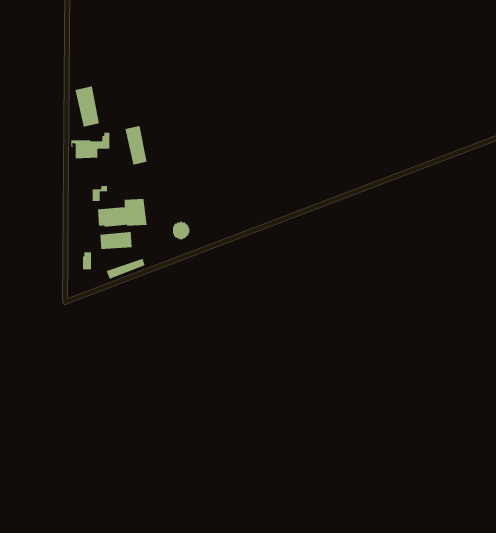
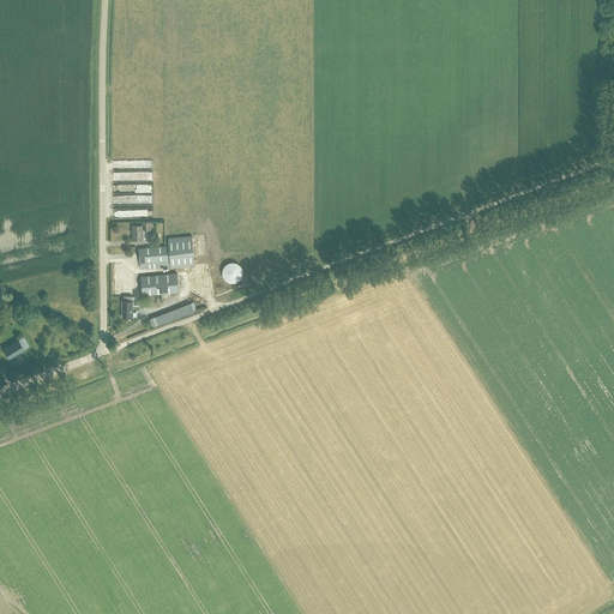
building: [75,85,100,127] -> none
building: [125,125,147,165] -> none

